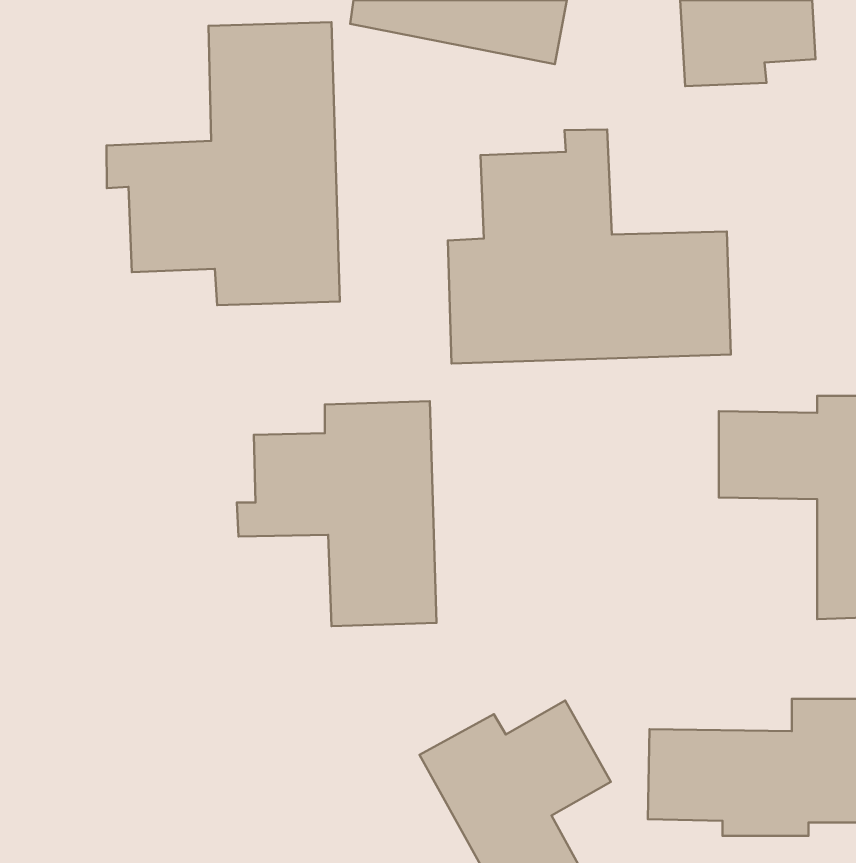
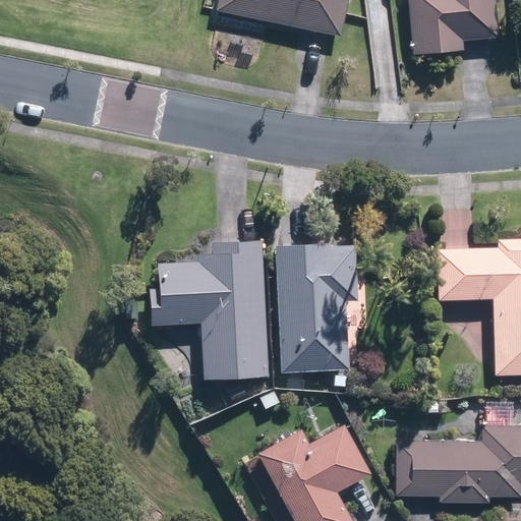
building: [106,22,340,305] -> none
building: [448,130,731,363] -> none
building: none -> [276,242,356,369]

